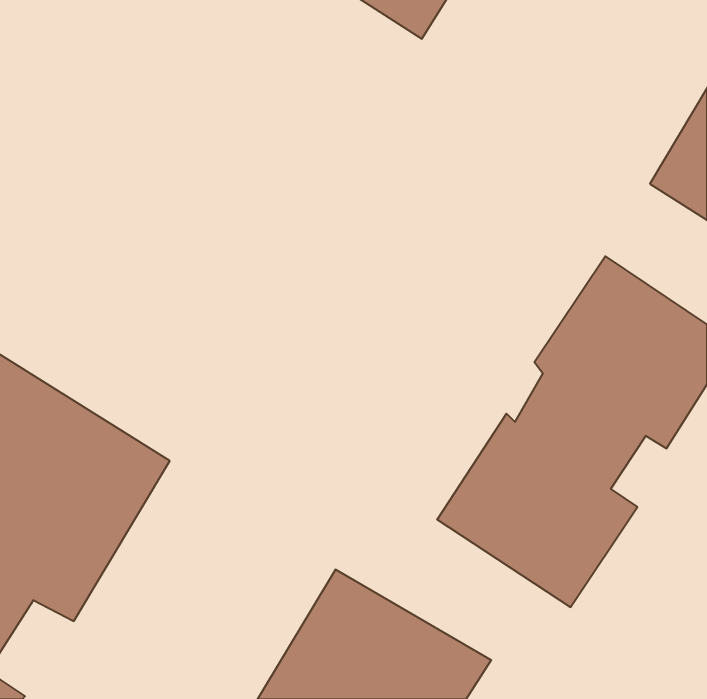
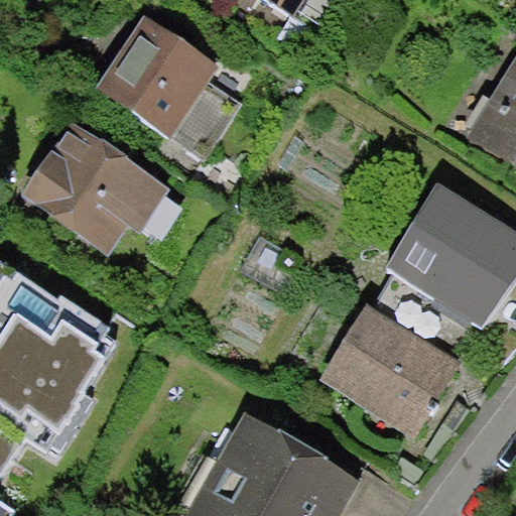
building: none -> [103,21,237,155]
building: none -> [25,125,171,248]

